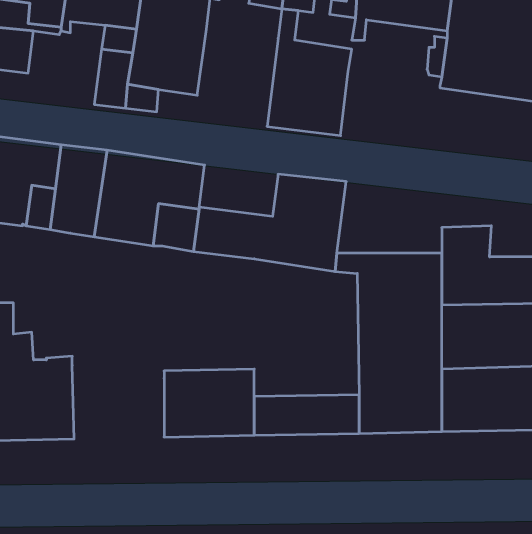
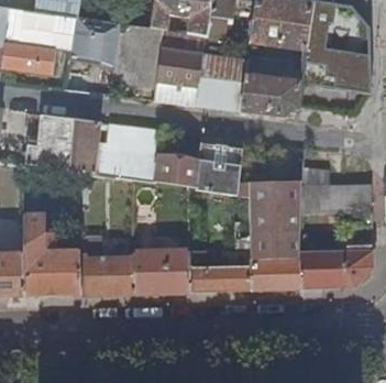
building: none -> [153,48,202,107]
building: none -> [240,74,299,119]
building: none -> [79,250,134,294]

